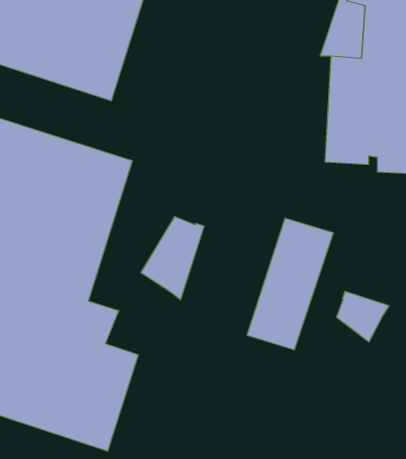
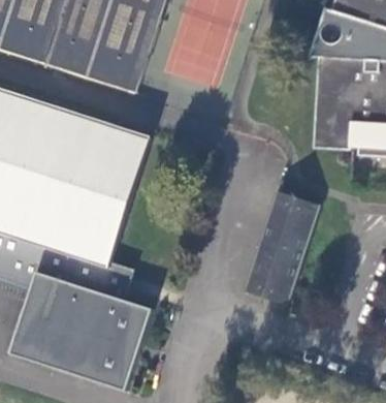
building: [141,216,204,300] -> none
building: [337,291,389,342] -> none

